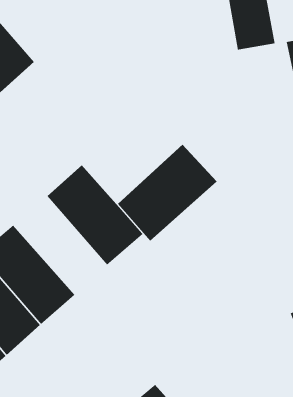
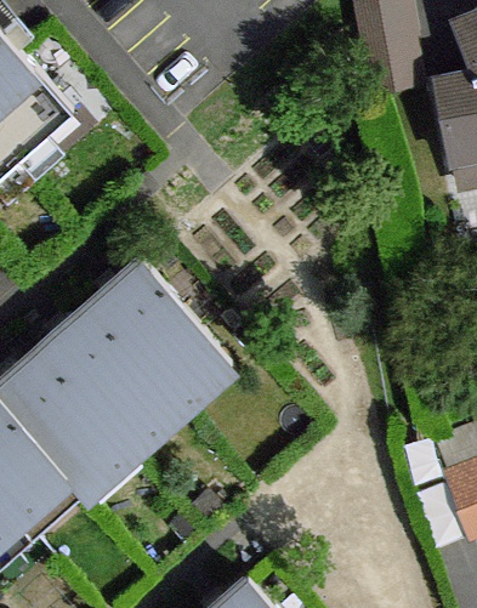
building: [117,144,217,242] -> none
building: none -> [40,306,176,449]

